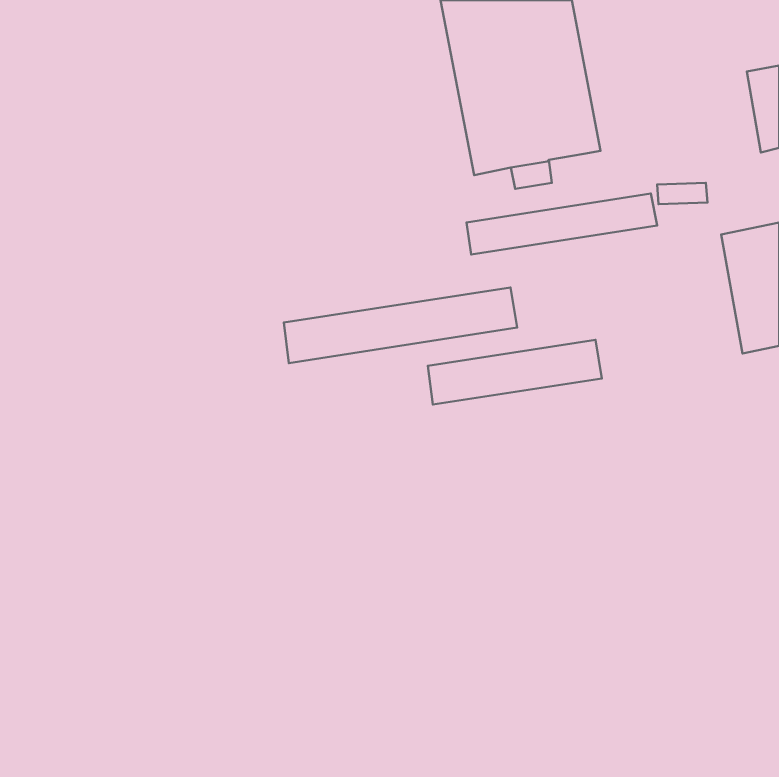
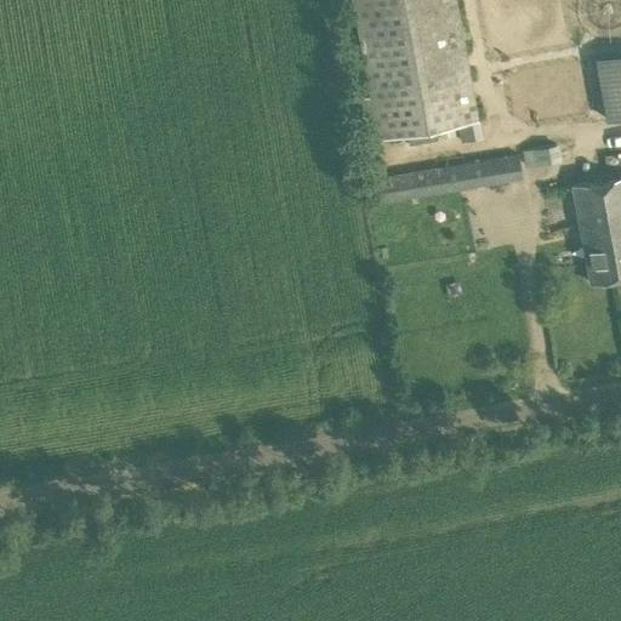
building: [284,288,517,363] -> none
building: [428,340,602,405] -> none

